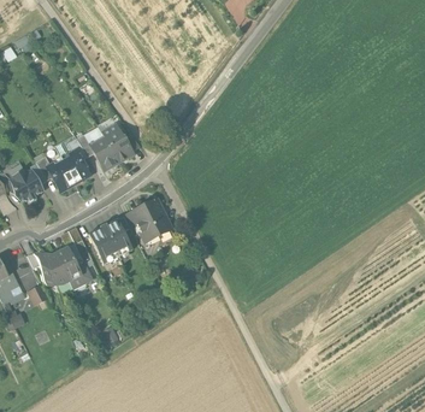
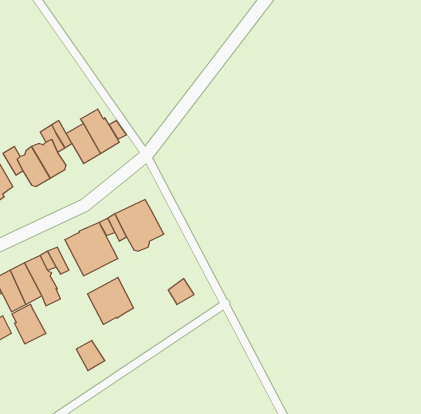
building: none -> [88,277,134,324]
building: none -> [12,304,46,344]

